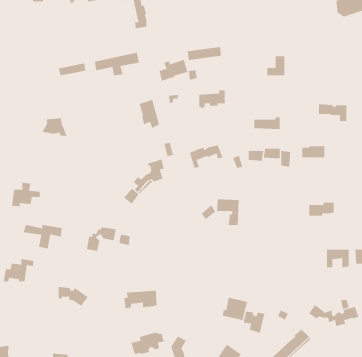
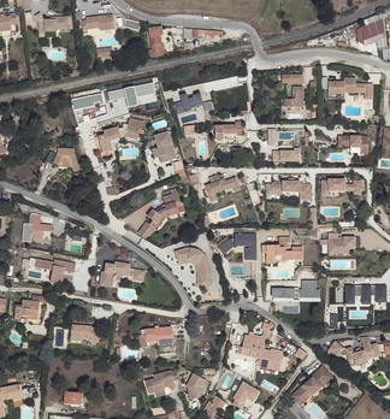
building: none -> [327,77,372,100]
building: none -> [96,118,143,152]
building: none -> [266,236,302,260]
building: none -> [172,248,211,283]
building: none -> [273,279,317,299]

